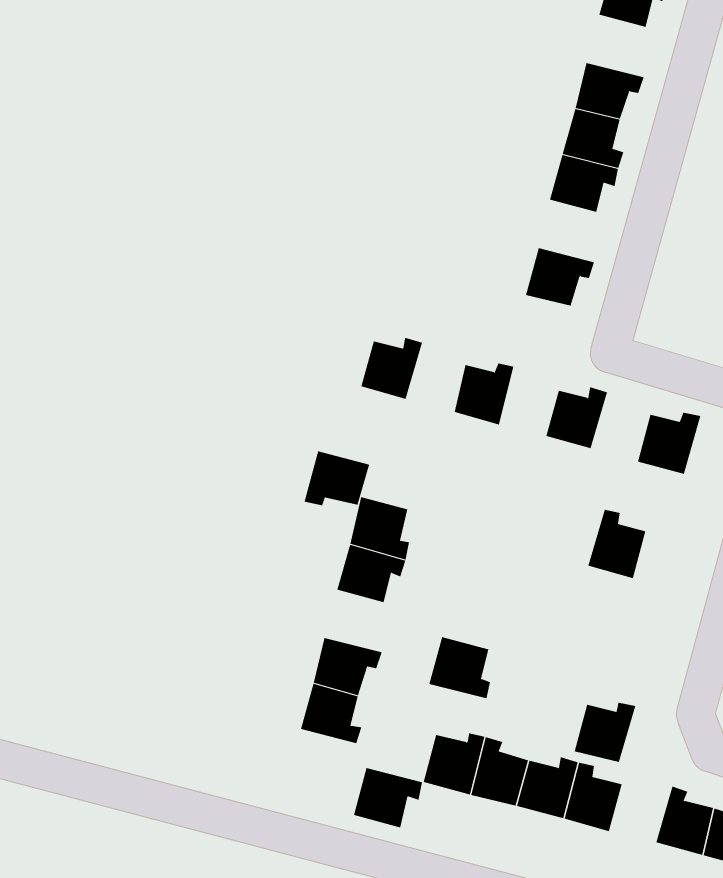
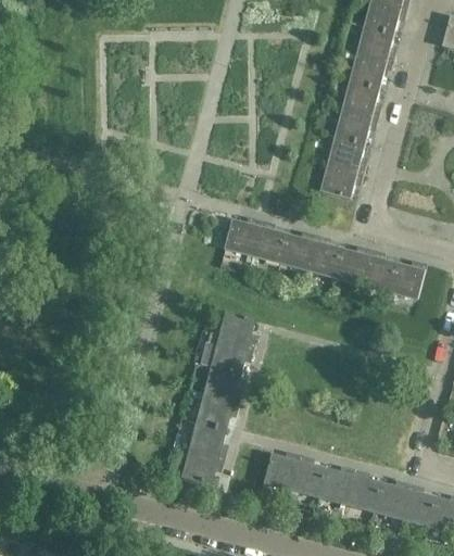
building: none -> [357,26,394,63]
building: none -> [329,136,365,173]
building: none -> [251,220,286,262]
building: none -> [306,235,341,276]
building: [304,450,370,506] -> none
building: [588,509,646,579] -> [361,250,395,291]
building: [429,636,491,699] -> [202,367,239,404]
building: [574,702,636,763] -> [371,481,408,517]
building: [353,768,423,828] -> [180,450,222,485]

